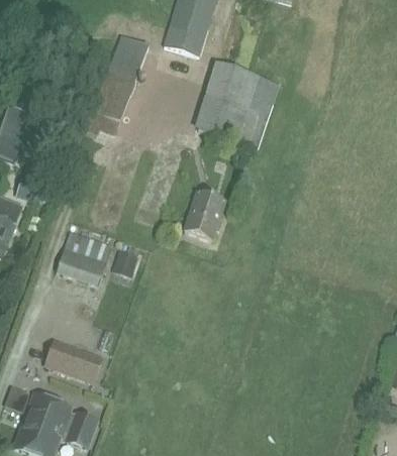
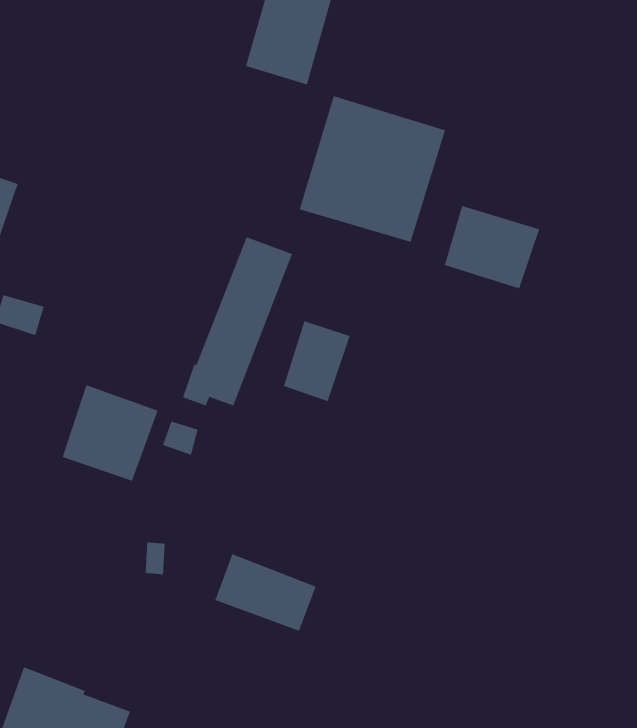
building: [84,34,148,133] -> [182,237,293,406]
building: none -> [444,205,540,289]
building: [44,338,104,383] -> [215,553,317,631]

